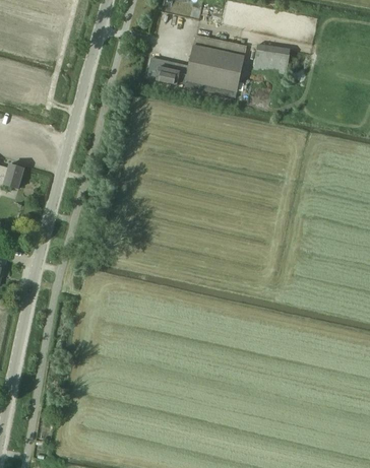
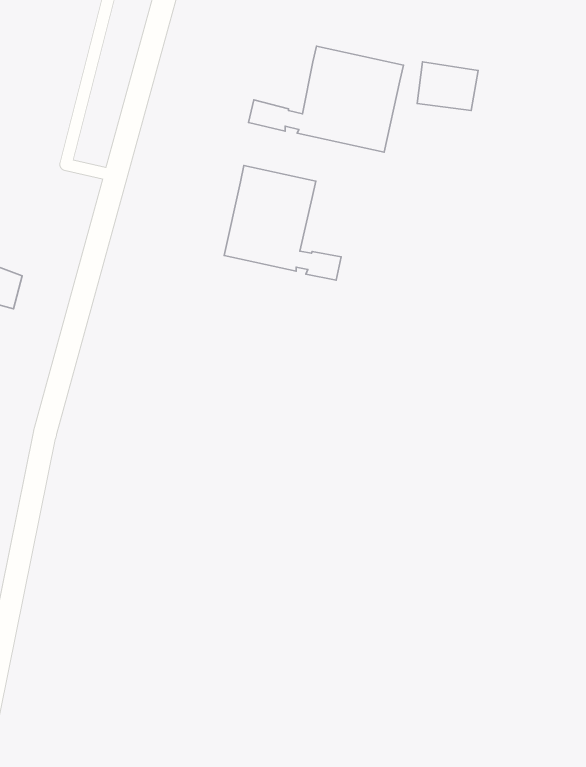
building: none -> [224,166,341,280]

